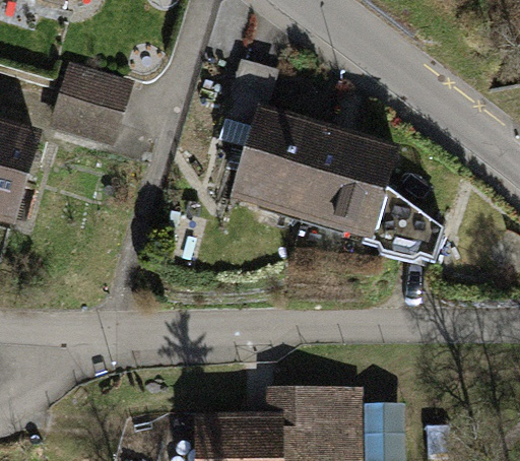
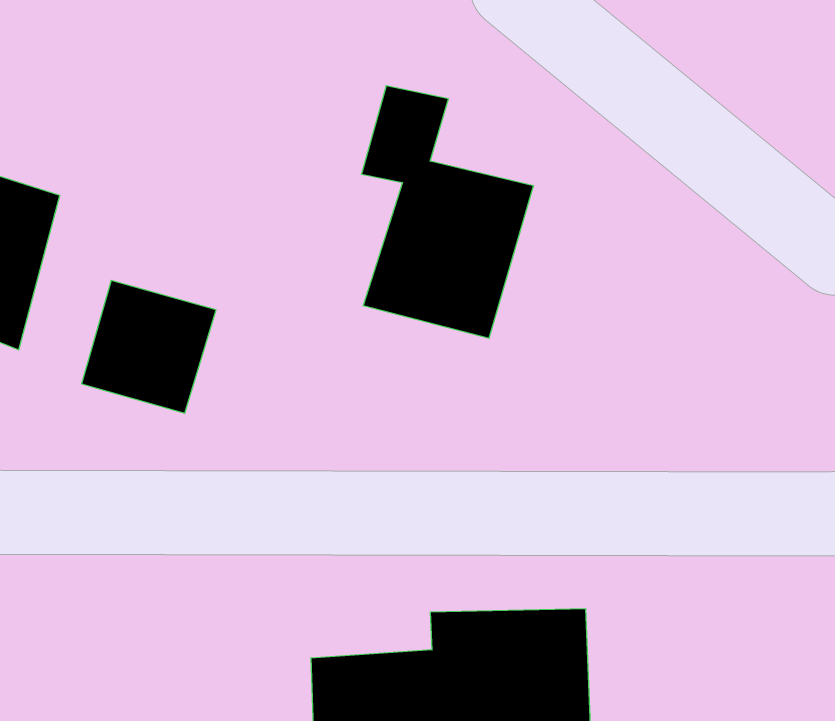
building: [51,62,134,144] -> [82,280,216,413]
building: [304,124,443,256] -> none

